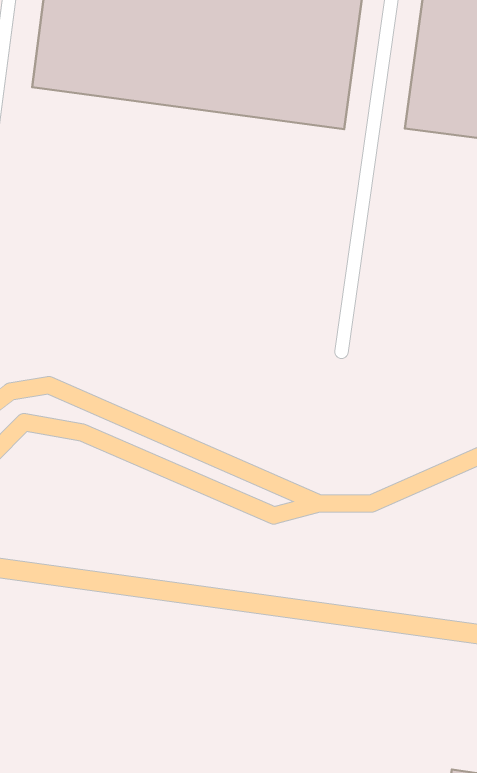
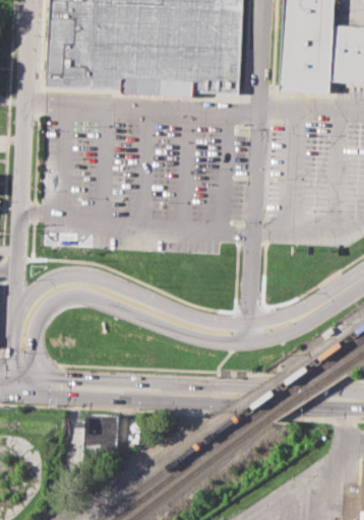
building: none -> [83,414,117,454]

